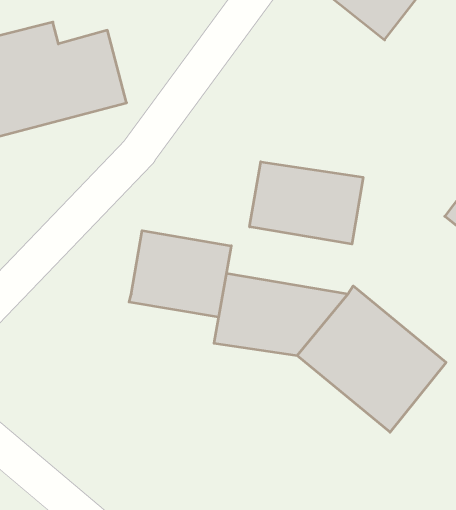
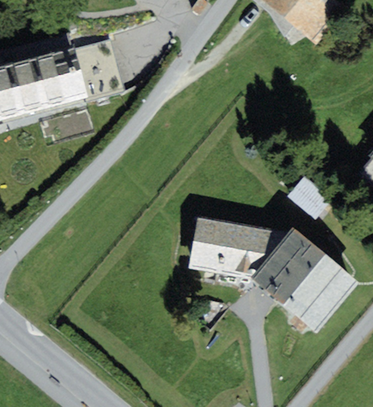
building: [250,162,363,244] -> none
building: [129,231,231,317] -> none

